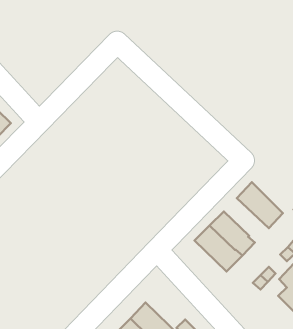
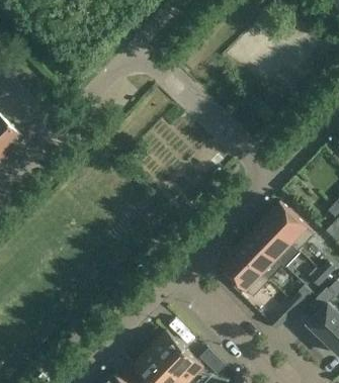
building: none -> [250,218,301,268]

